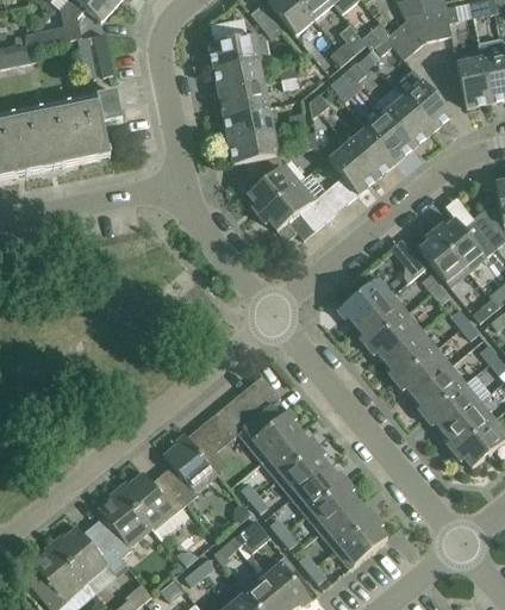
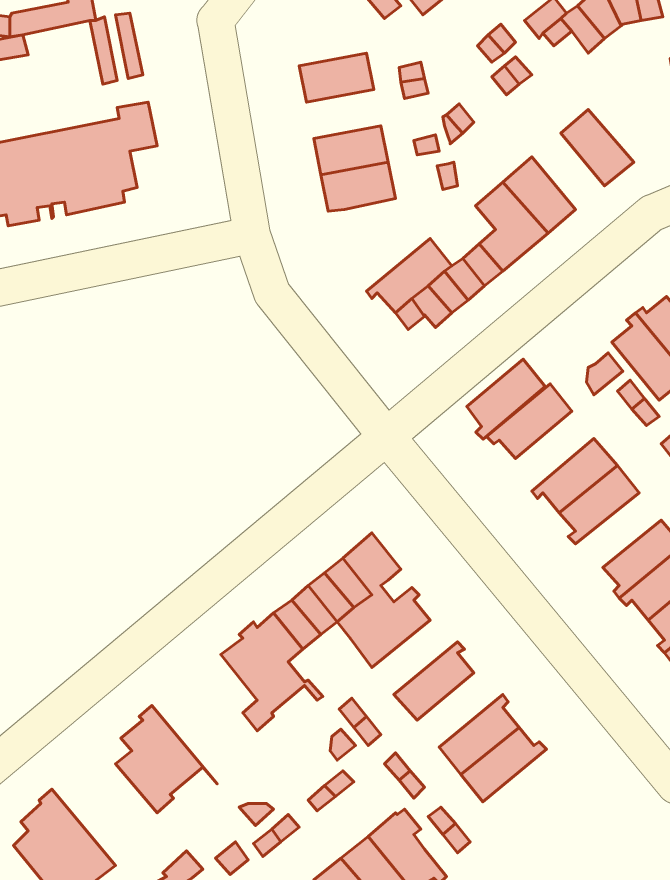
building: [208,32,269,67] -> none
building: [394,68,451,130] -> none
building: [219,82,268,114] -> none
building: [359,102,414,161] -> none
building: [244,154,300,214] -> none
building: [356,293,407,346] -> [467,359,545,439]
building: [395,347,451,396] -> none
building: [262,430,318,479] -> none
building: [292,465,348,513] -> none
building: [118,471,188,537] -> none
building: [335,515,387,567] -> none
building: [52,524,129,591] -> none

